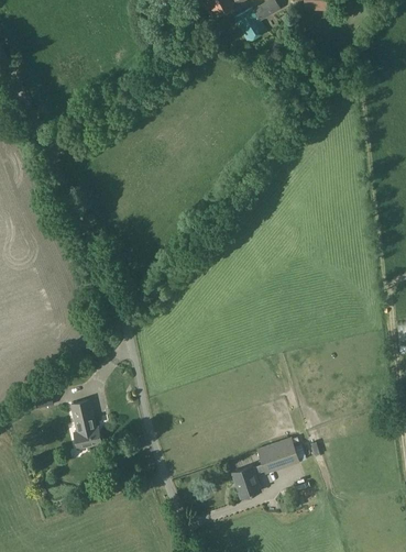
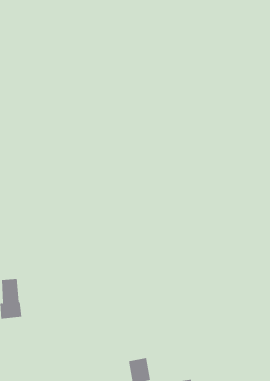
building: [257,437,299,473] -> none

